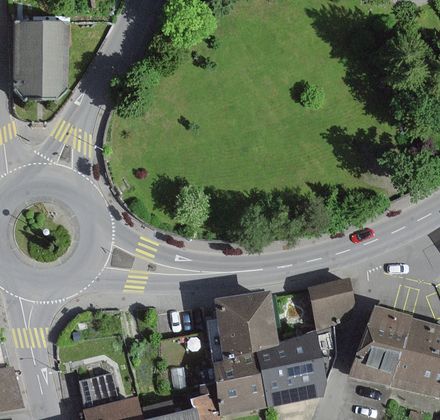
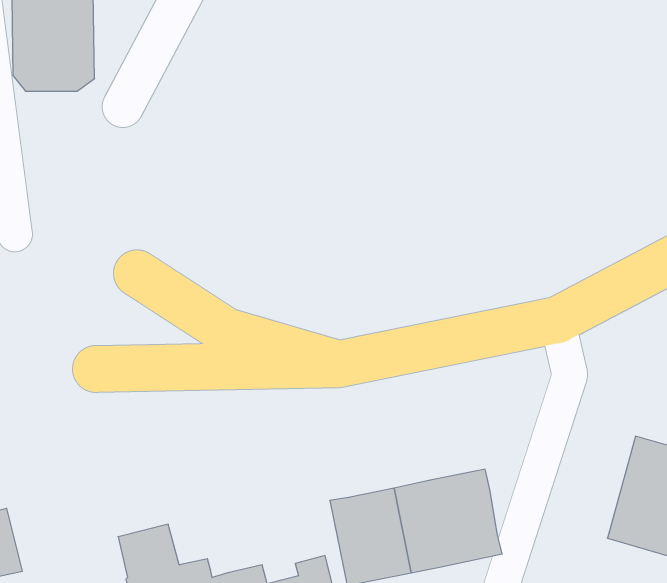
building: [310,279,351,327] -> none
building: [215,291,279,358] -> none
building: [356,309,410,384] -> none

